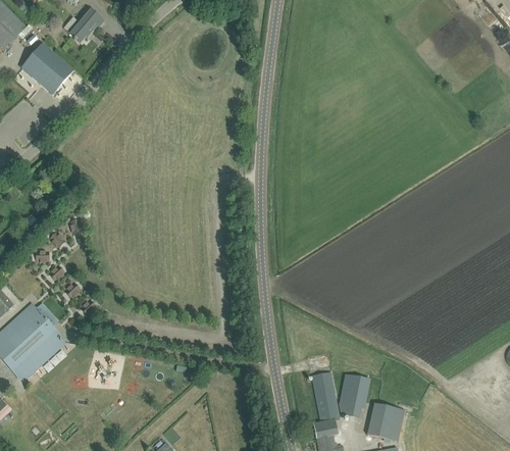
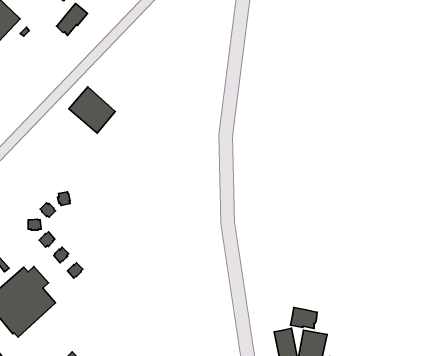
building: [21,43,73,95] -> [69,87,115,133]
building: none -> [290,308,317,328]

